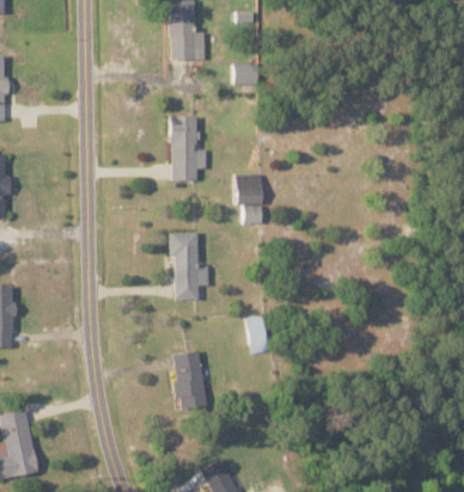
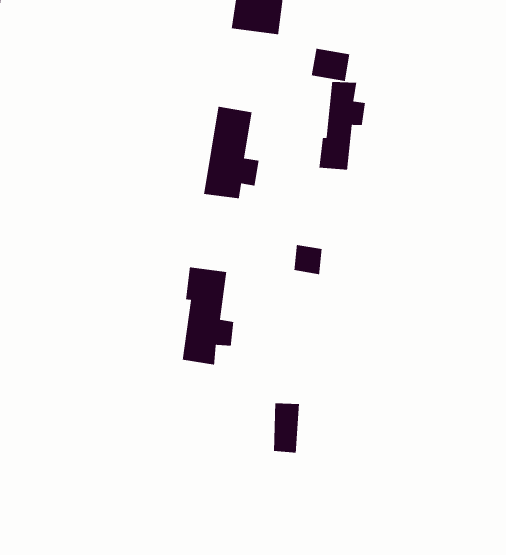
building: none -> [318,81,366,171]
building: [236,174,262,204] -> none
building: [171,350,207,408] -> none

